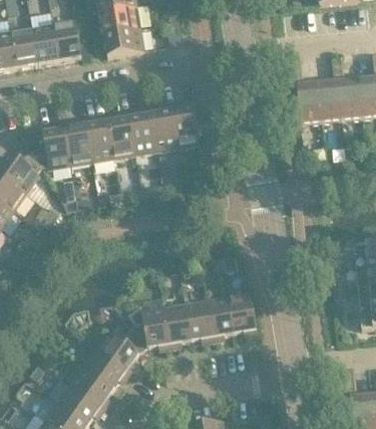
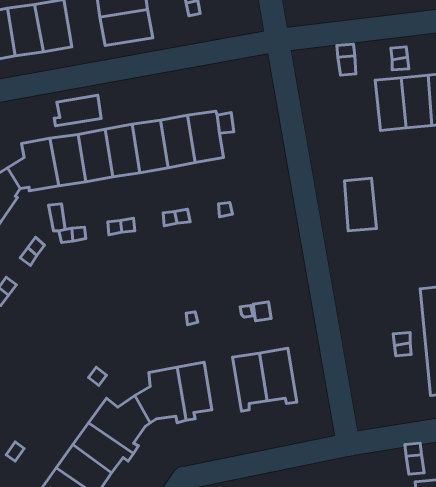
building: [296,82,321,124] -> [344,178,377,231]
building: none -> [54,95,101,126]
building: [183,298,213,343] -> none

